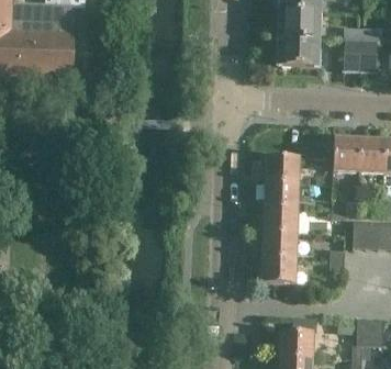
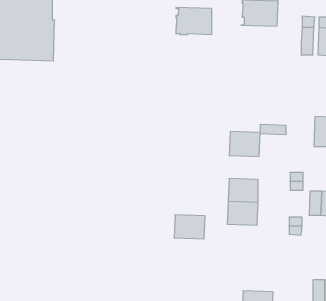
building: [278,36,317,66] -> [176,8,212,34]
building: [333,136,359,170] -> none
building: [265,180,298,206] -> none
building: [261,256,295,282] -> [174,215,205,239]

